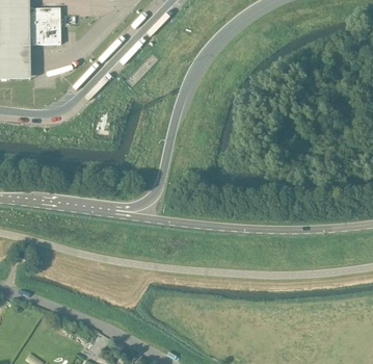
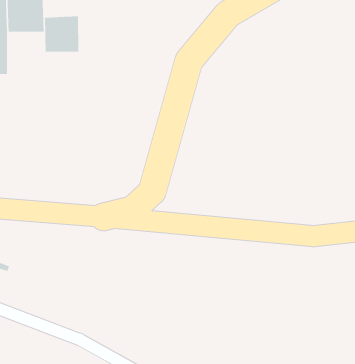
building: none -> [44,16,79,53]

